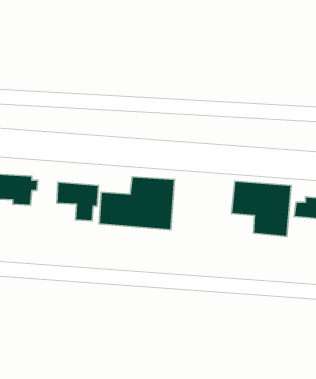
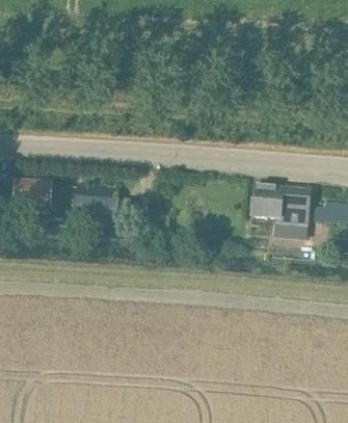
building: [99,177,175,230] -> none

